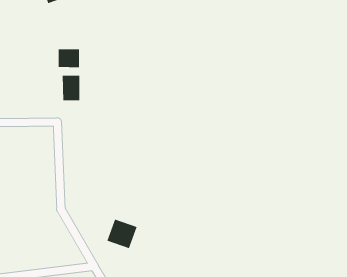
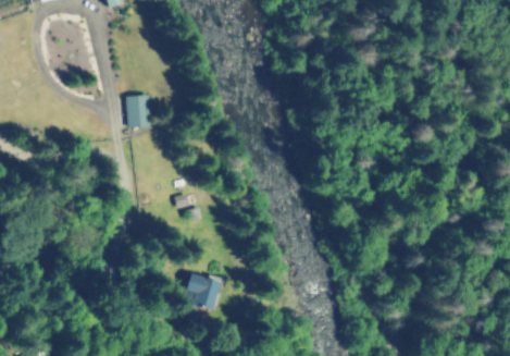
building: [58,48,79,68] -> none

